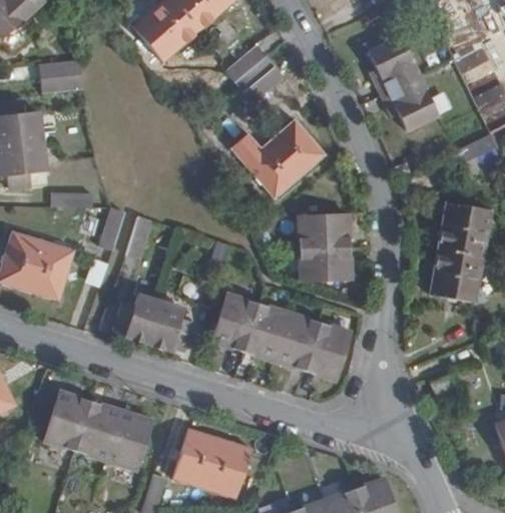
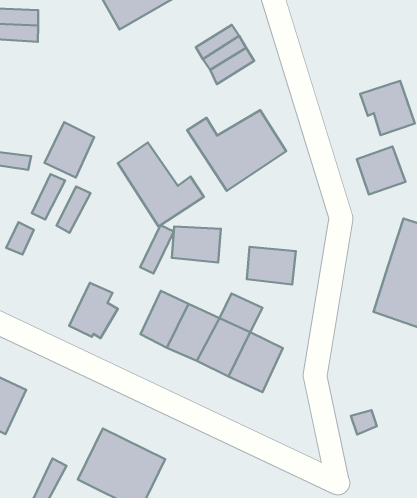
building: [374,35,421,93] -> none
building: none -> [357,147,406,194]
building: none -> [44,122,94,178]
building: none -> [118,142,204,226]
building: [303,214,348,247] -> [172,226,221,262]
building: [120,295,163,344] -> none
building: [106,408,154,462] -> none

